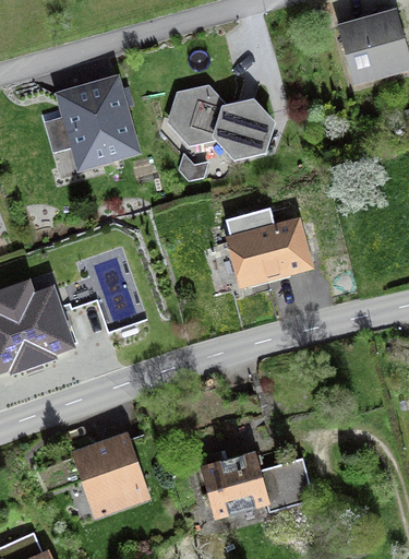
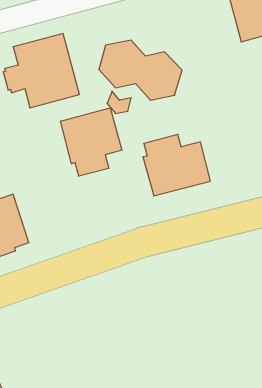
building: none -> [61,108,122,176]
building: [70,426,151,514] -> none
building: [197,441,314,522] -> none

